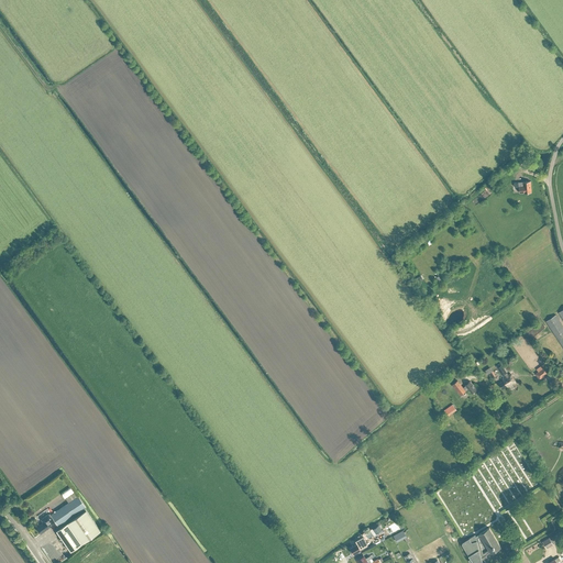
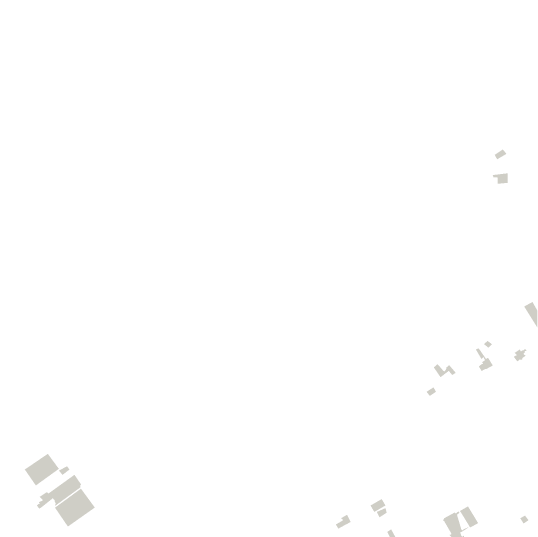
building: none -> [24,453,60,486]

